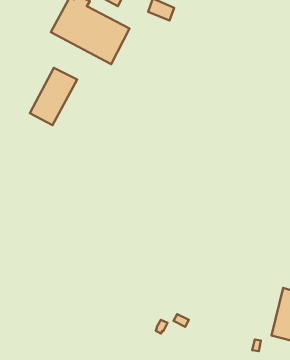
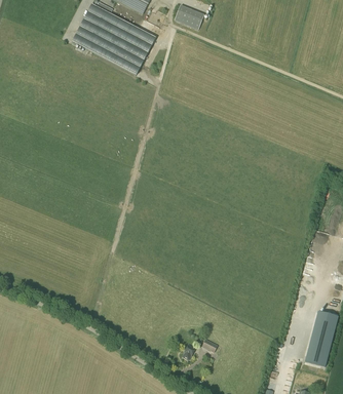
building: [30,68,77,125] -> none

